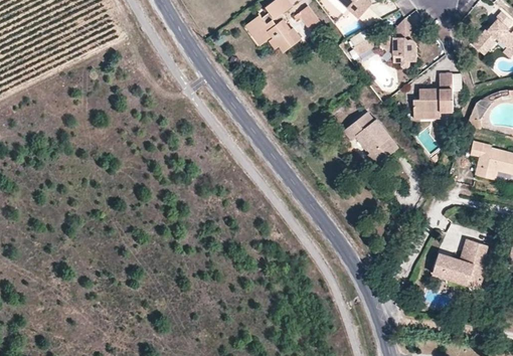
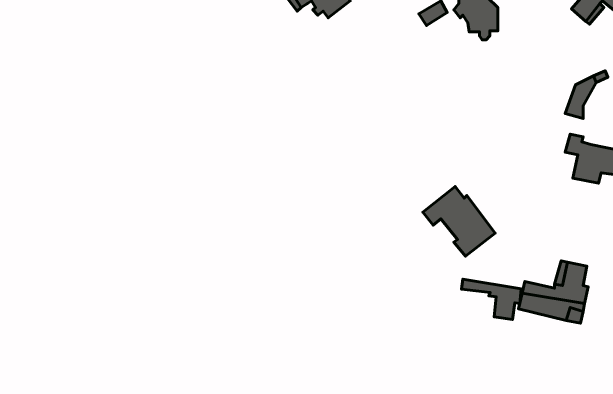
building: [412,74,454,112] -> none
building: [343,111,399,165] -> [423,186,495,256]
building: none -> [462,279,521,319]

